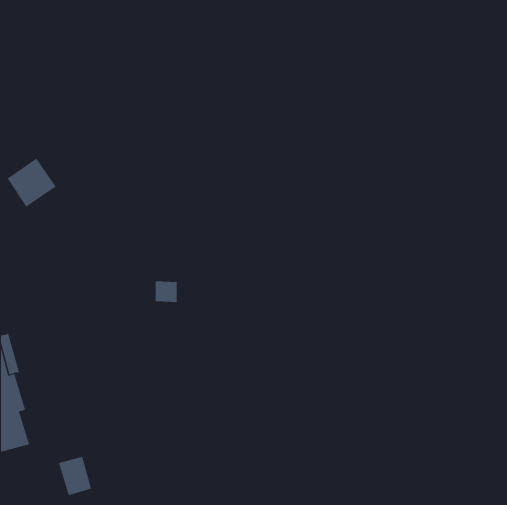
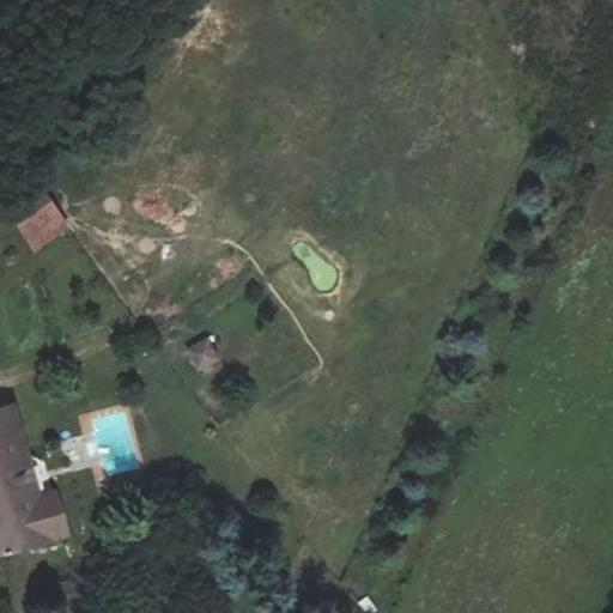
building: [58,456,92,496] -> [24,488,65,536]

